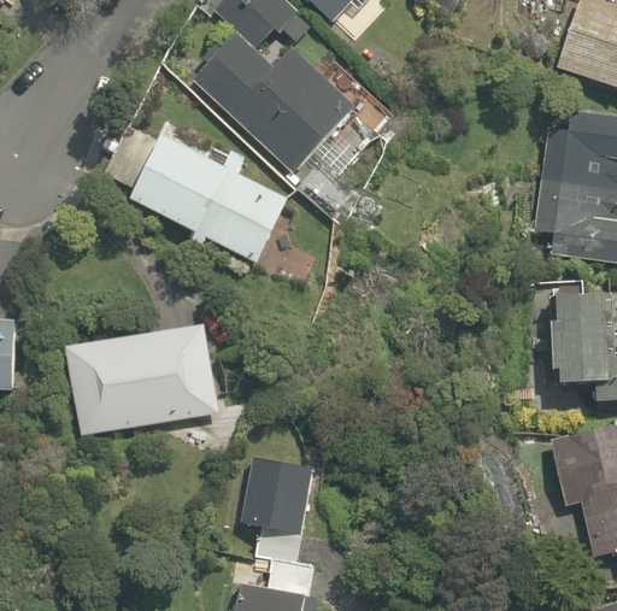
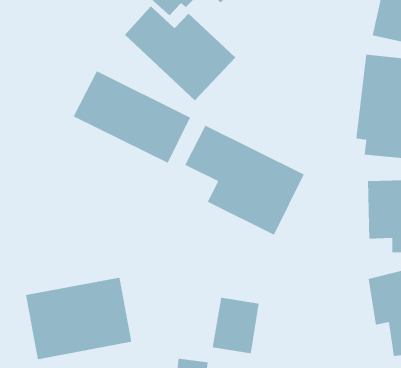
building: none -> [185,125,305,236]
building: [65,316,224,439] -> [25,277,132,360]
building: [241,453,312,537] -> [212,297,260,354]

